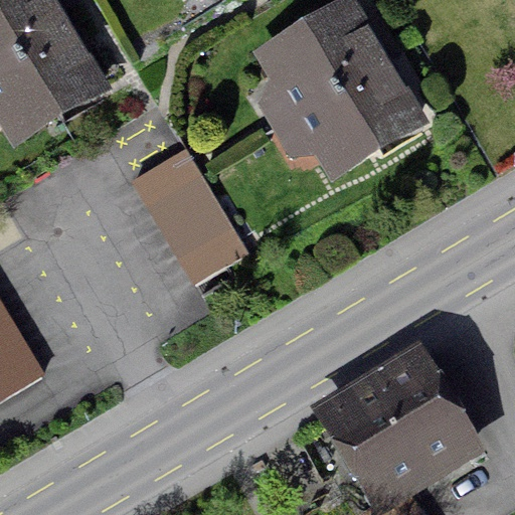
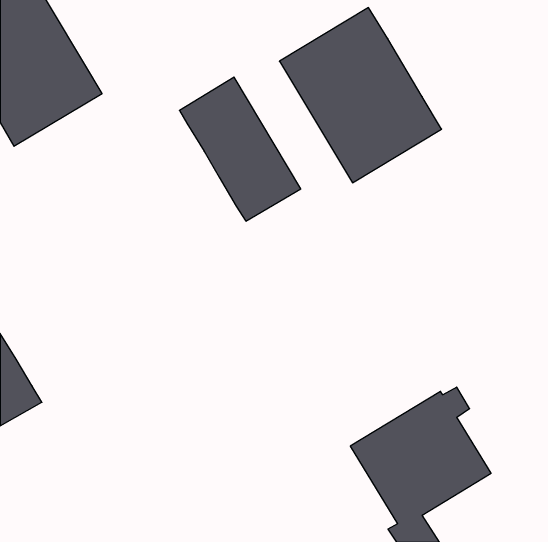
building: [132,149,245,284] -> [179,77,301,221]

